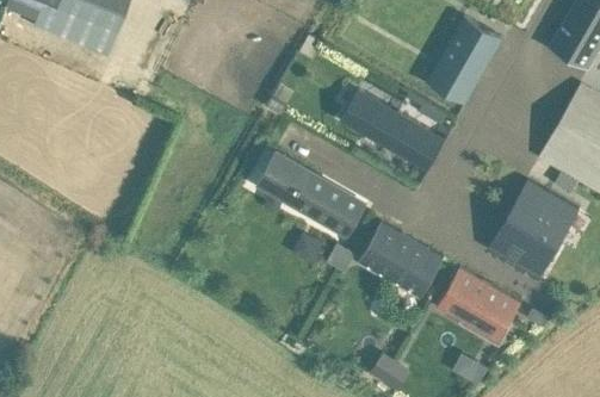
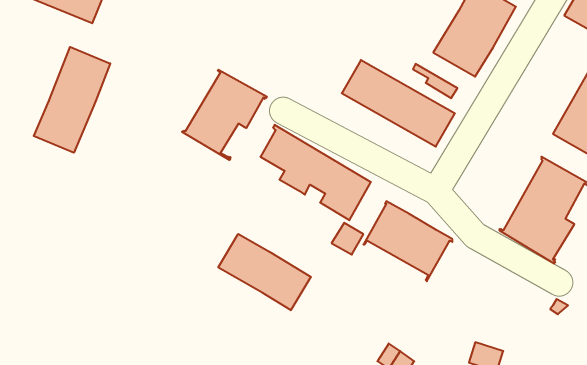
building: none -> [34,47,110,153]
building: none -> [182,70,267,160]
building: none -> [218,234,311,310]
building: [437,267,521,336] -> none

